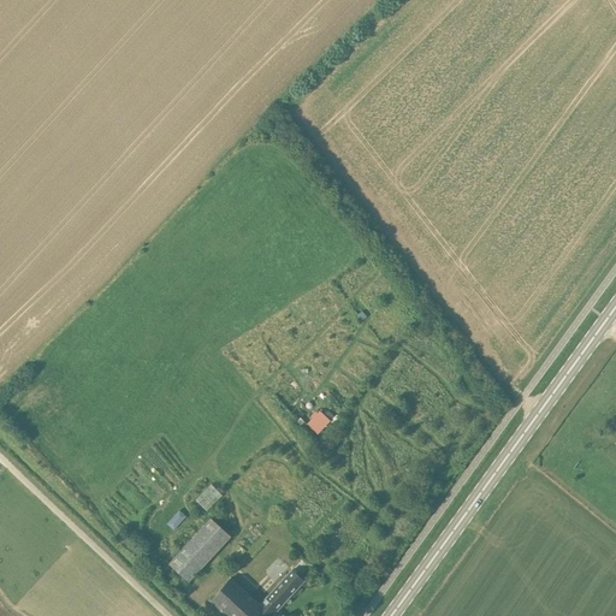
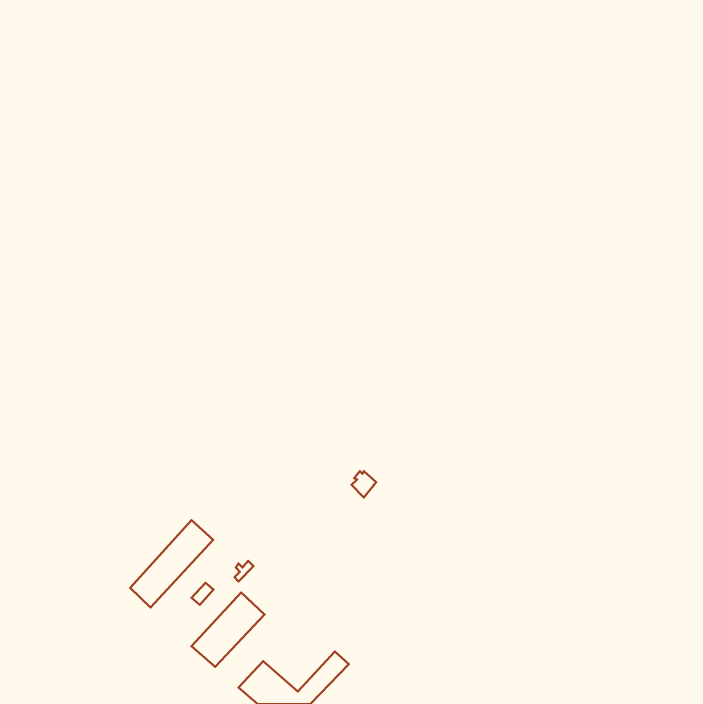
building: none -> [130,520,213,608]

